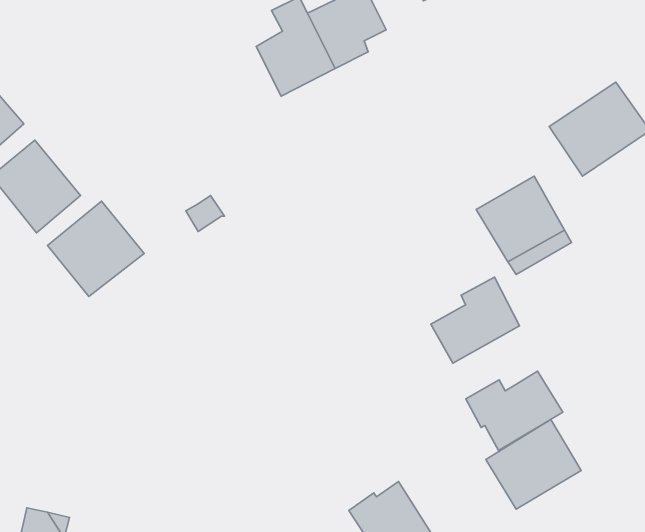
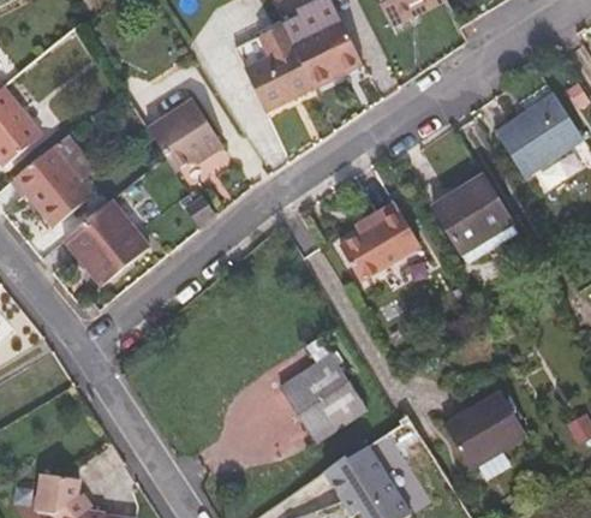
building: none -> [147,100,222,173]
building: [431,277,519,363] -> [345,204,422,279]
building: [466,371,563,450] -> none
building: none -> [276,353,363,442]

